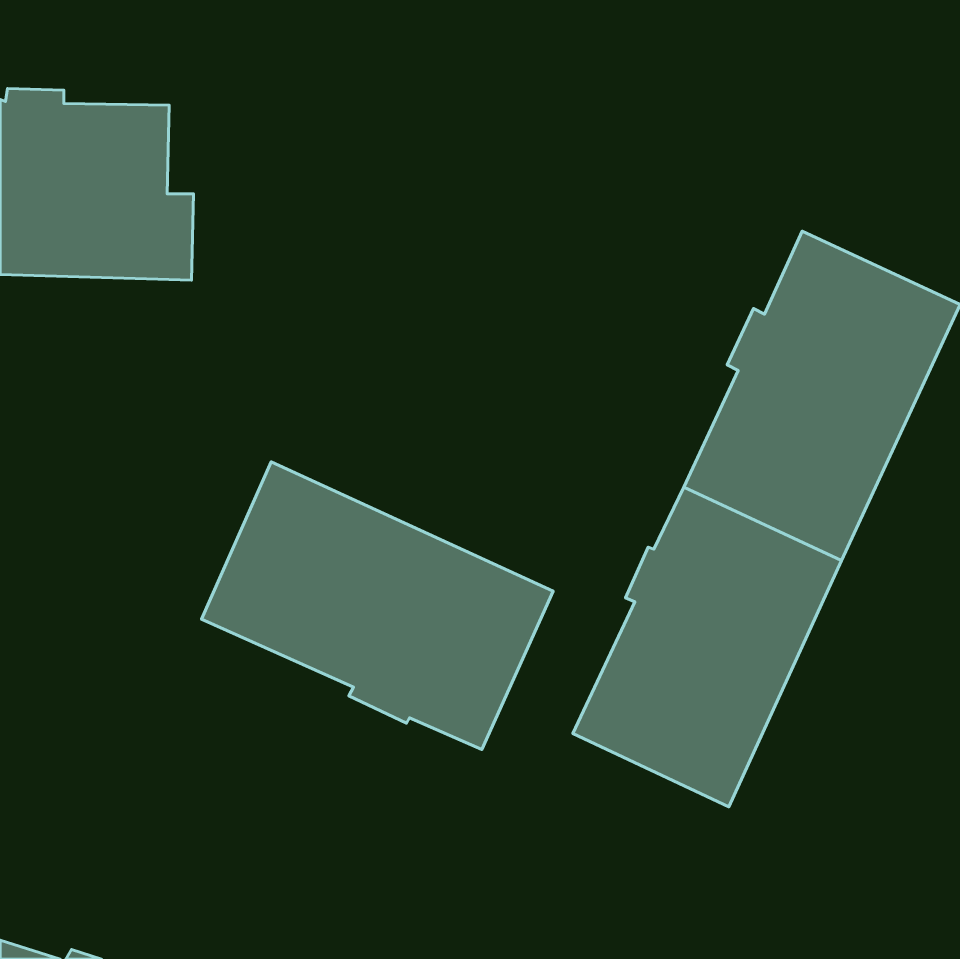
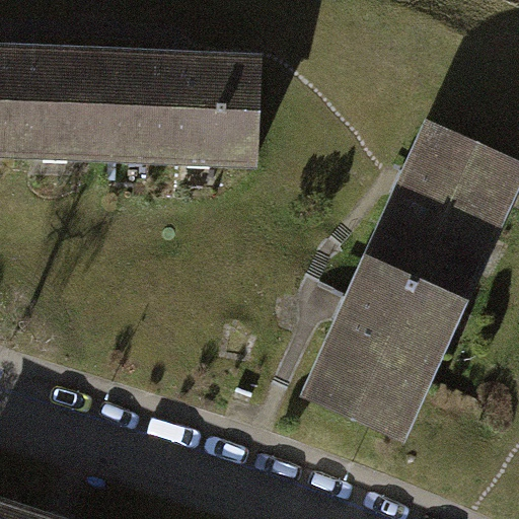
building: none -> [90,53,256,154]
building: [201,462,553,749] -> none

